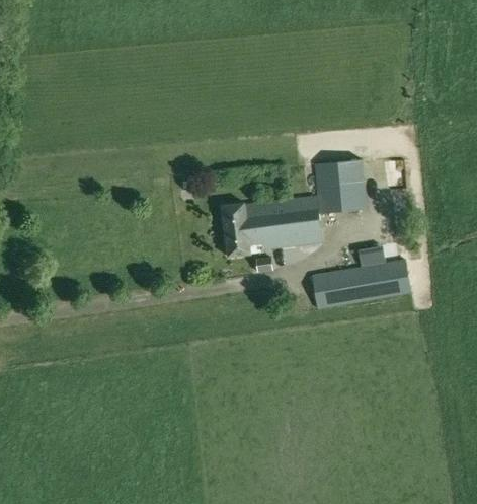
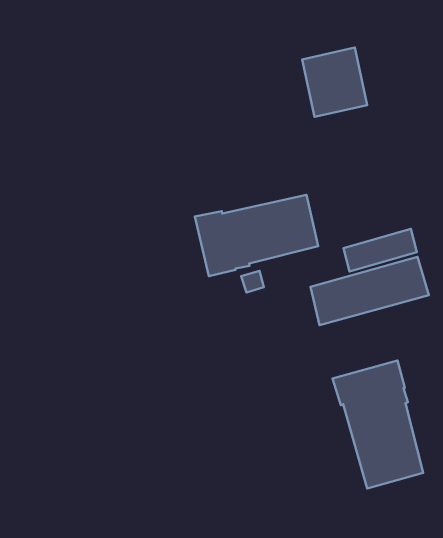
building: [315,159,366,214] -> [302,48,367,117]
building: none -> [333,361,423,489]

